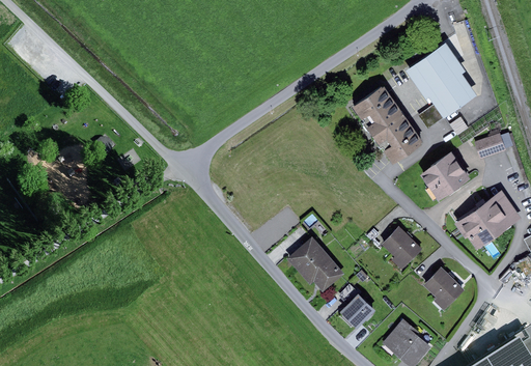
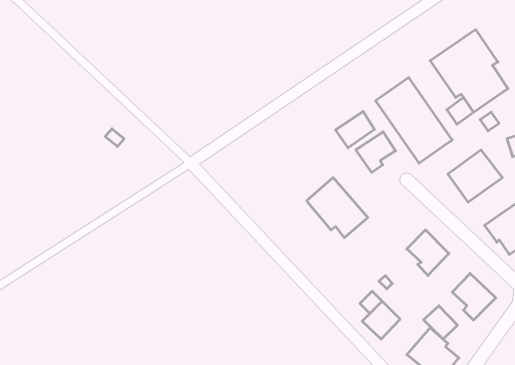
building: none -> [336,111,374,148]
building: none -> [356,132,396,172]
building: [287,234,344,290] -> [307,178,368,238]
building: none -> [424,306,457,339]

